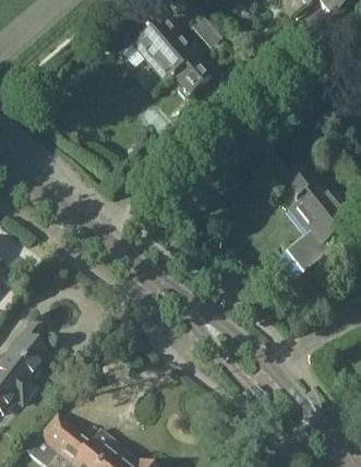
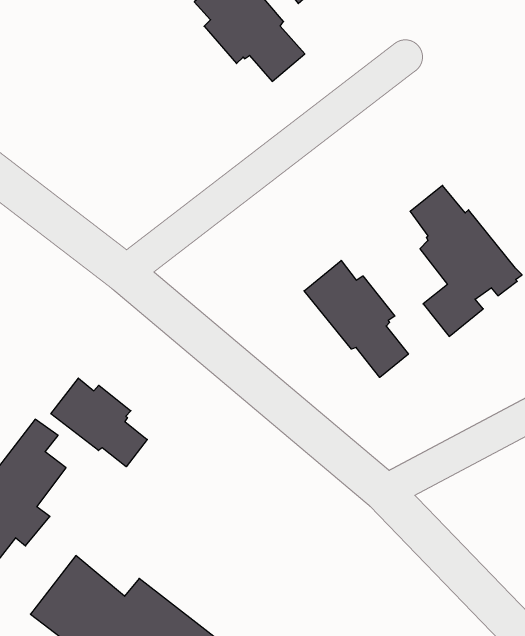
building: none -> [304,260,408,377]
building: none -> [51,378,147,467]

